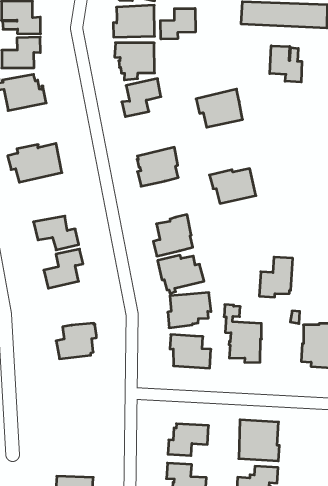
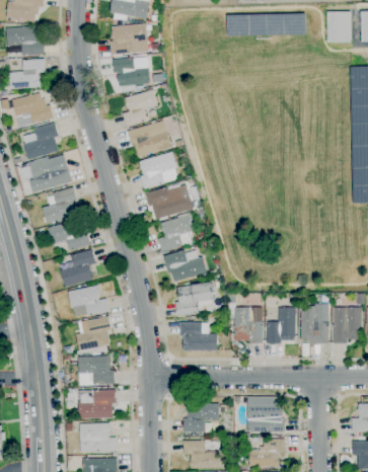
building: [160,8,195,39] -> none
building: [270,46,302,82] -> none
building: [196,89,243,127] -> [127,120,170,156]
building: none -> [22,123,58,159]
building: [209,169,256,203] -> [145,185,189,219]
building: none -> [42,186,77,223]
building: [259,257,293,297] -> [267,307,295,343]
building: none -> [67,285,108,316]
building: none -> [78,356,115,385]
building: none -> [78,389,116,418]
building: none -> [79,422,117,452]

